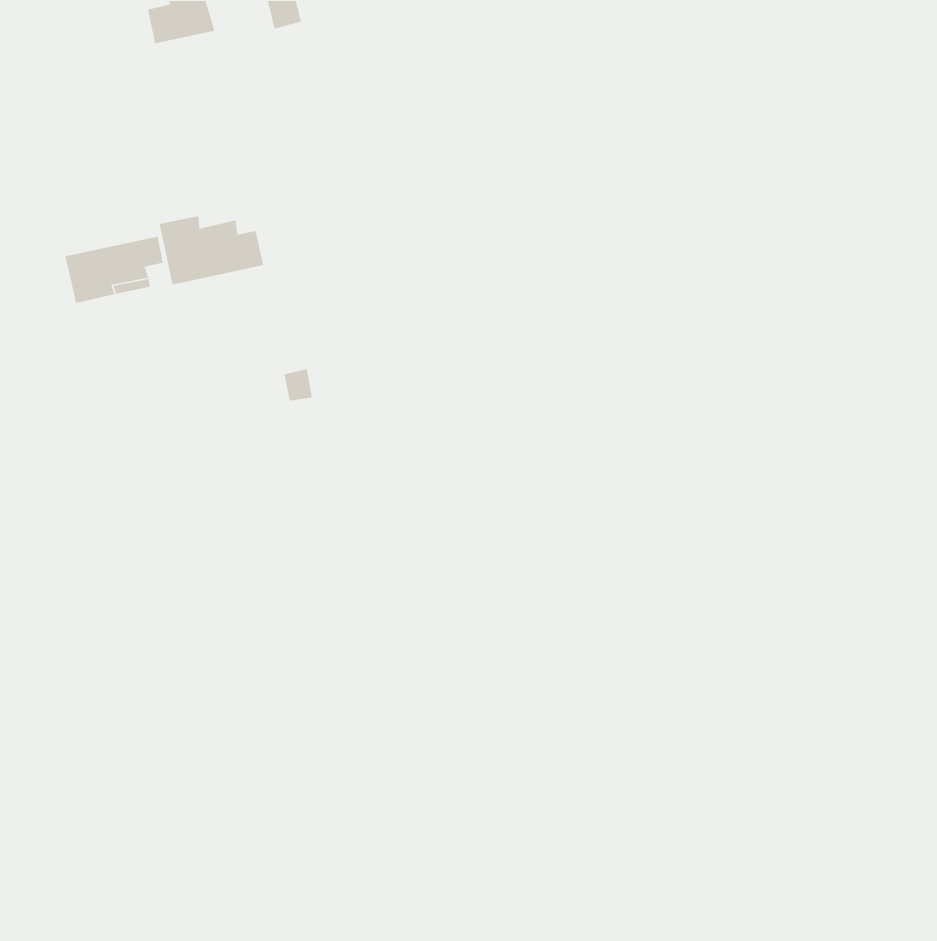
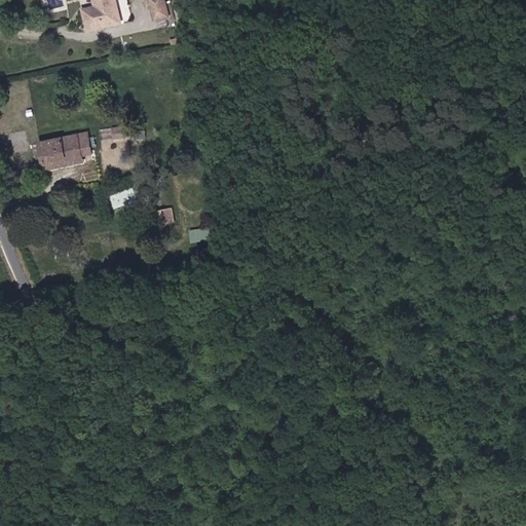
building: [159,215,264,285] -> none

